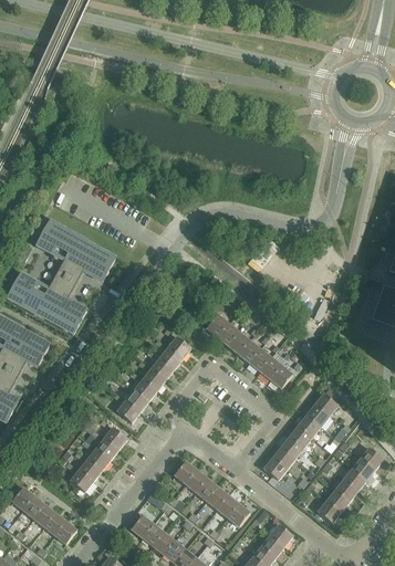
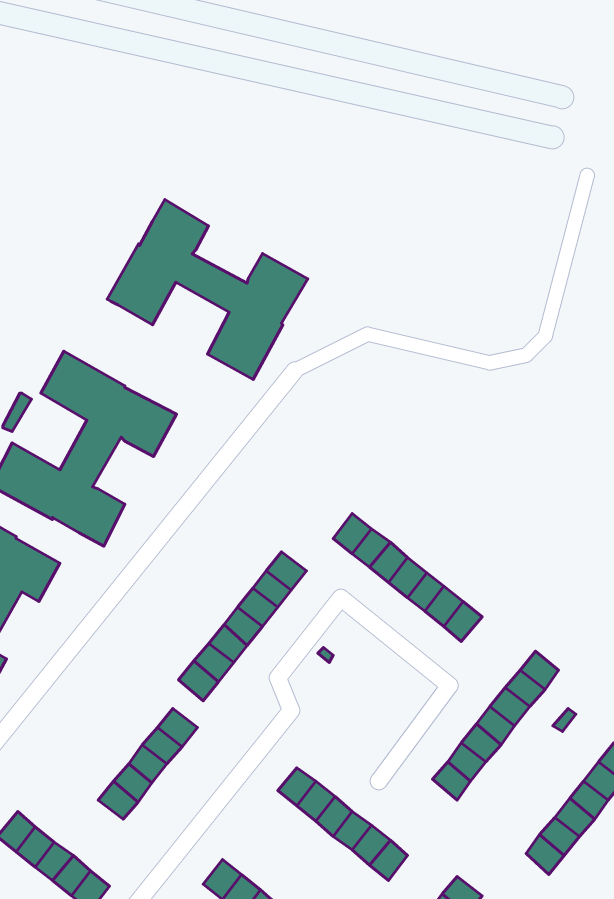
building: none -> [107,199,308,379]

